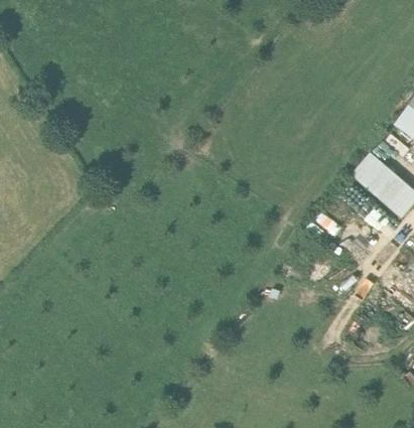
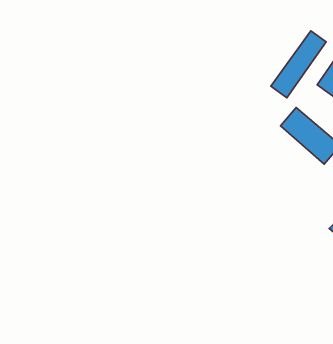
building: none -> [271,31,326,98]

